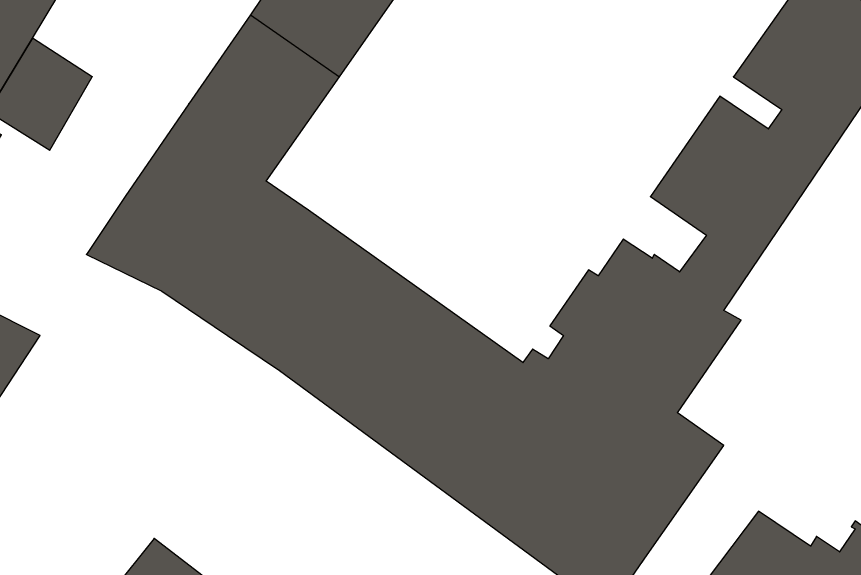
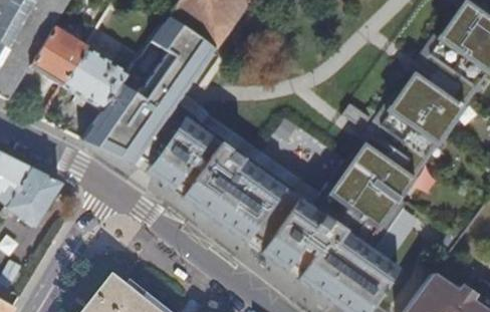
building: none -> [65,48,138,110]

